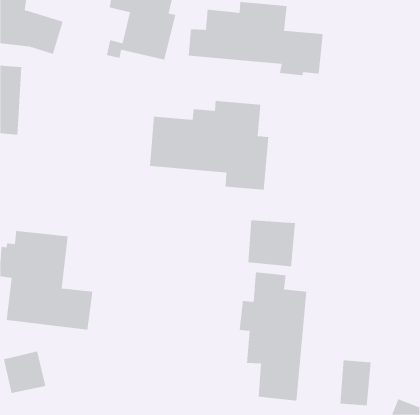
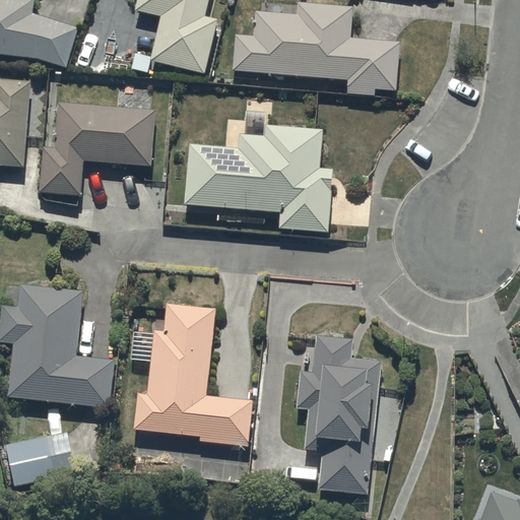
building: none -> [39,102,155,195]
building: [248,219,295,267] -> none
building: none -> [133,304,253,447]
building: [340,359,371,406] -> none

